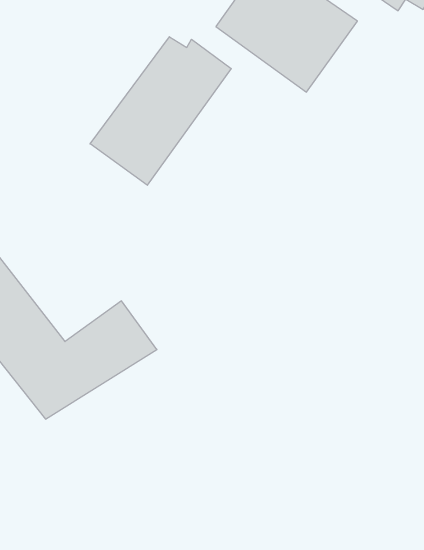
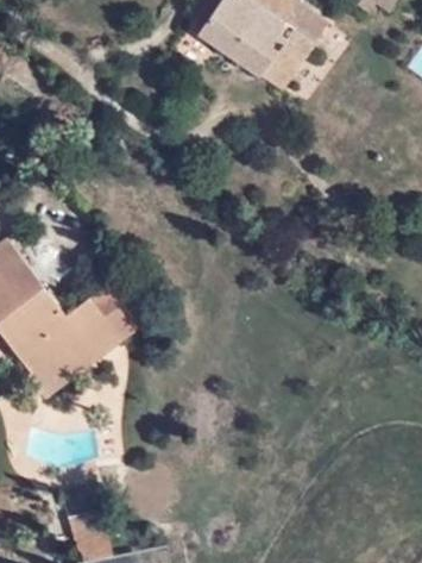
building: [90,37,231,185] -> none

